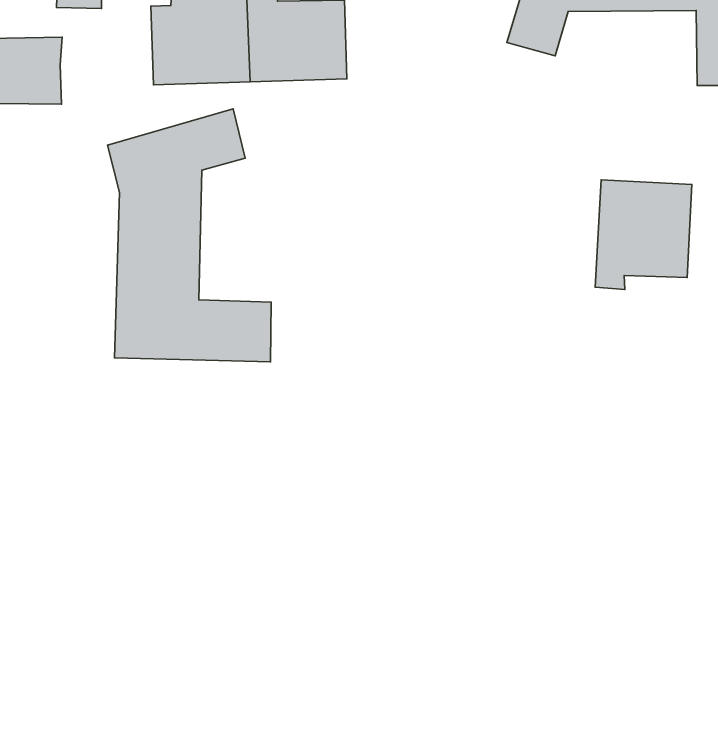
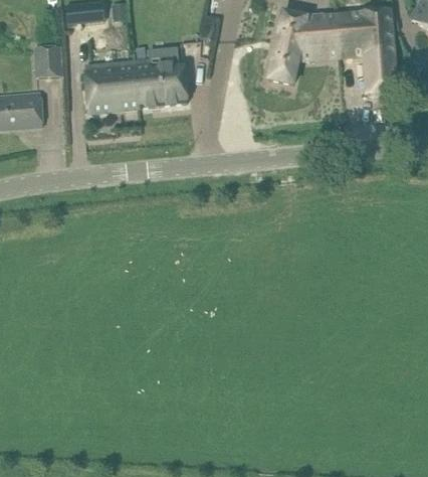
building: [108,109,271,362] -> none
building: [595,180,692,289] -> none

